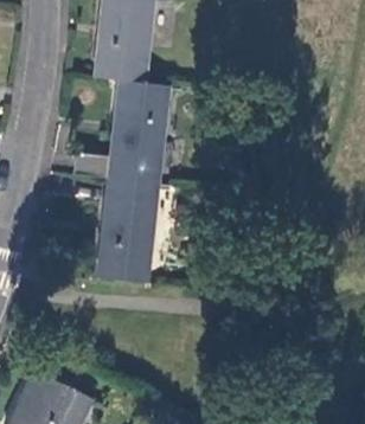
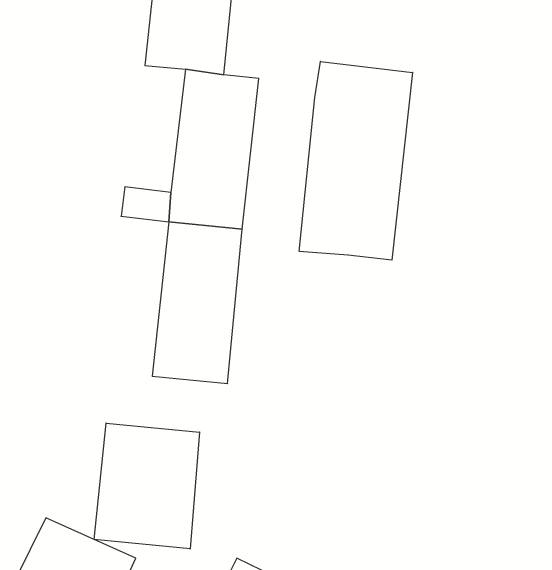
building: none -> [299,61,413,260]
building: none -> [94,423,200,549]

